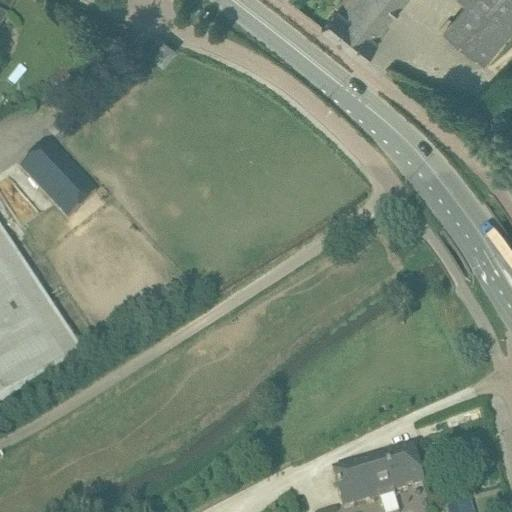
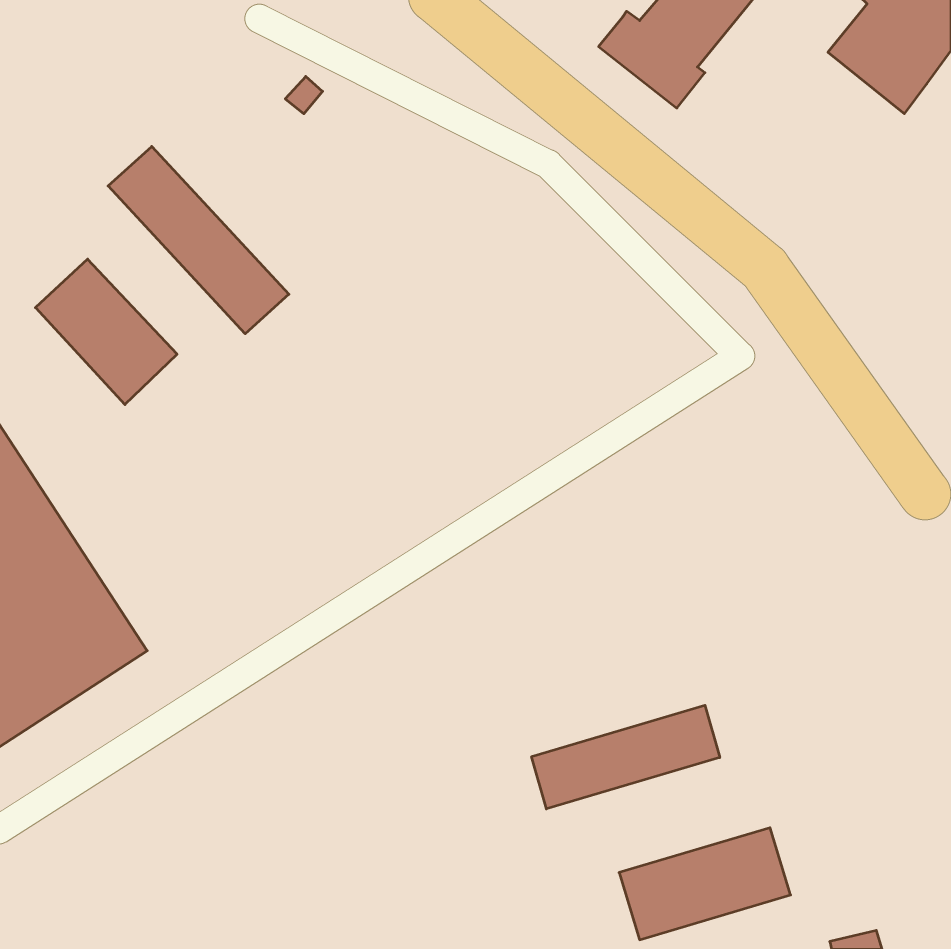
building: none -> [108,146,289,334]
building: none -> [532,705,720,809]

